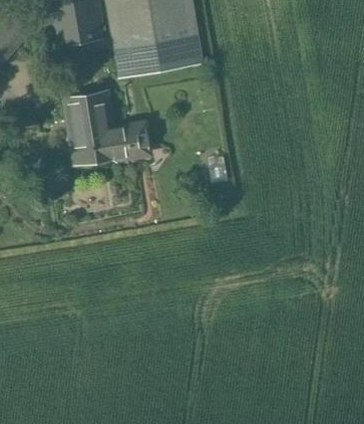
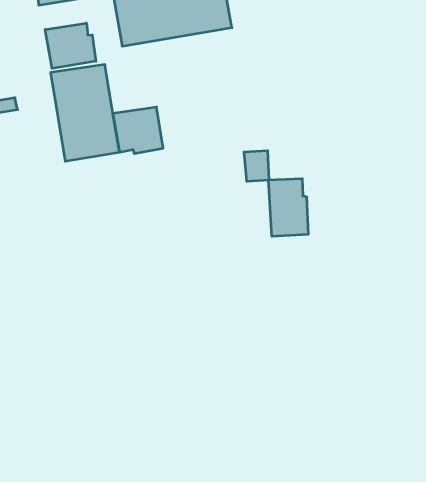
building: none -> [45,23,96,68]
building: none -> [268,179,308,236]

